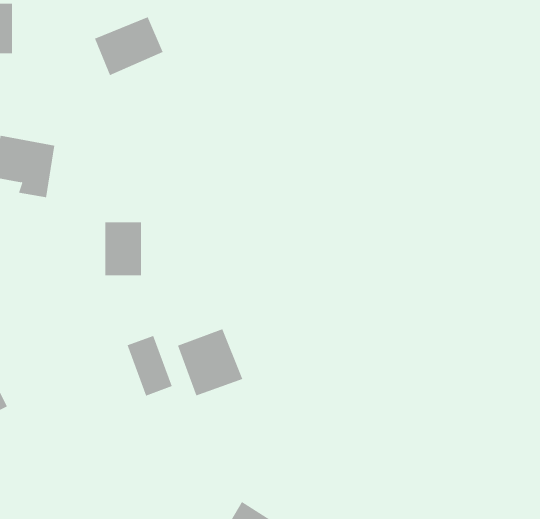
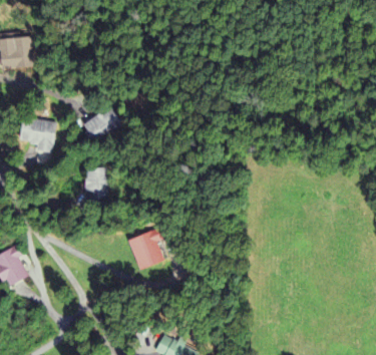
building: [94,17,164,76] -> [81,106,122,141]
building: [127,335,172,396] -> none

